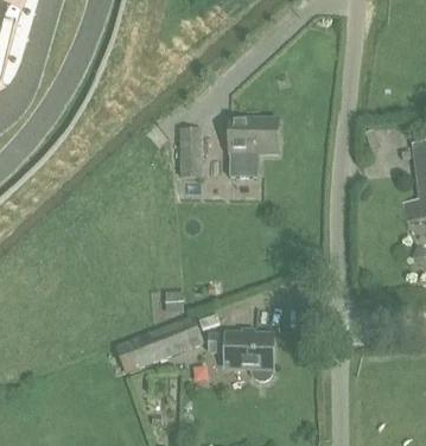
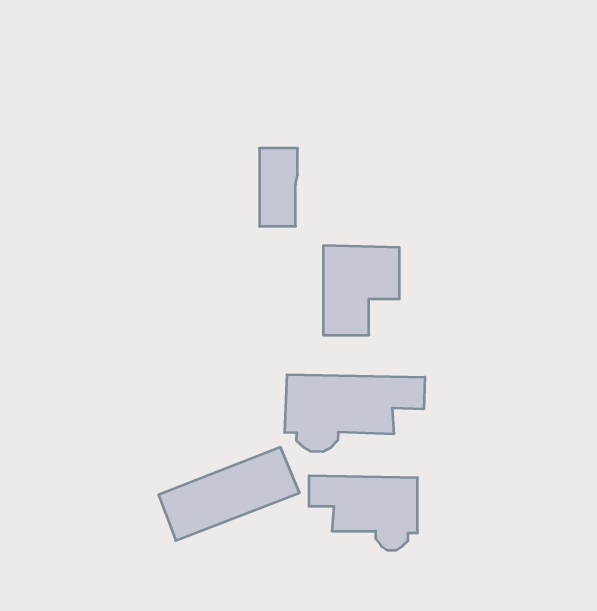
building: [230,119,278,174] -> [323,246,399,335]
building: none -> [285,375,425,452]

